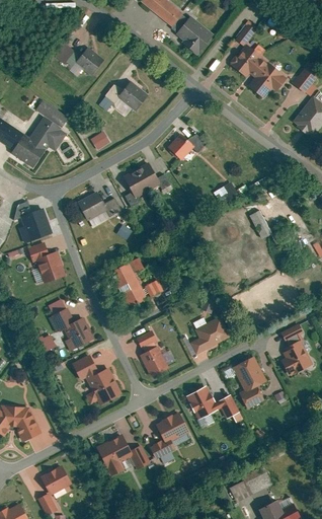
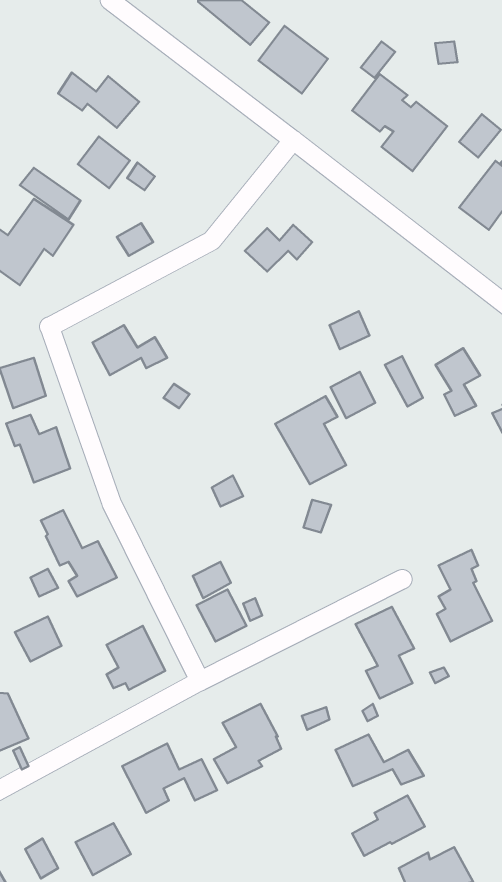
building: [116,80,147,110] -> [78,136,130,188]
building: [124,162,170,206] -> none
building: none -> [436,348,480,416]
building: none -> [331,372,375,418]
building: [107,257,149,309] -> [275,396,346,484]
building: [189,317,228,354] -> none
building: [71,355,98,381] -> [15,617,62,662]
building: [187,388,239,419] -> [336,734,424,786]
building: [39,464,72,495] -> [76,823,131,875]

